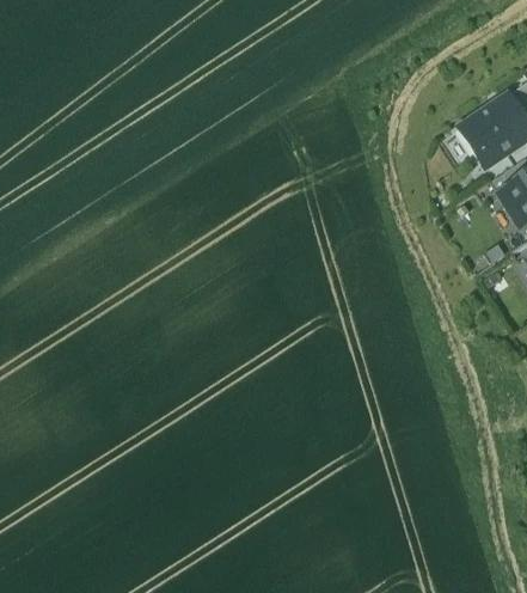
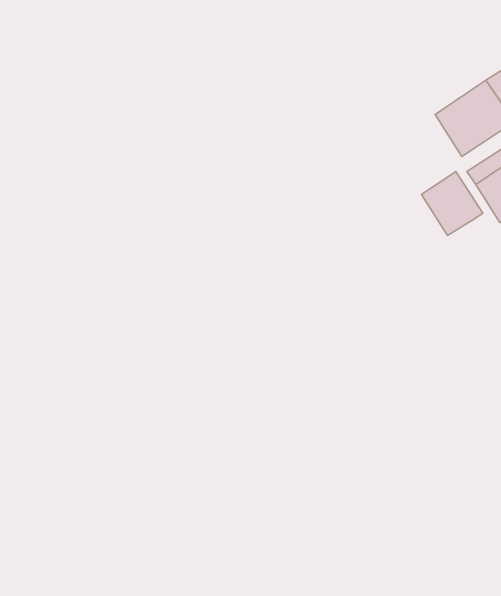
building: none -> [422,172,483,236]

